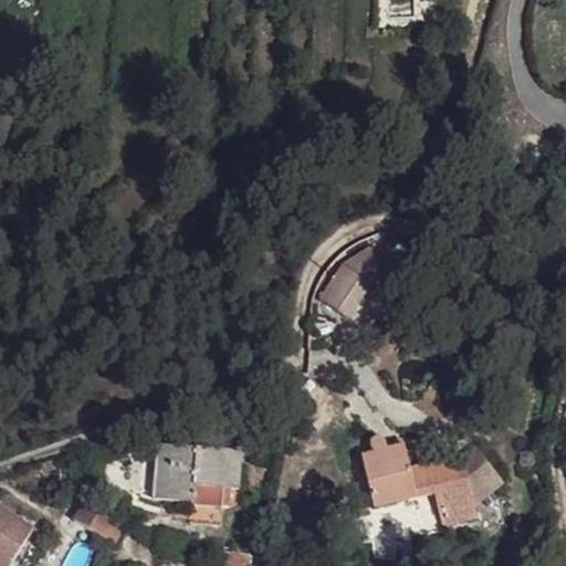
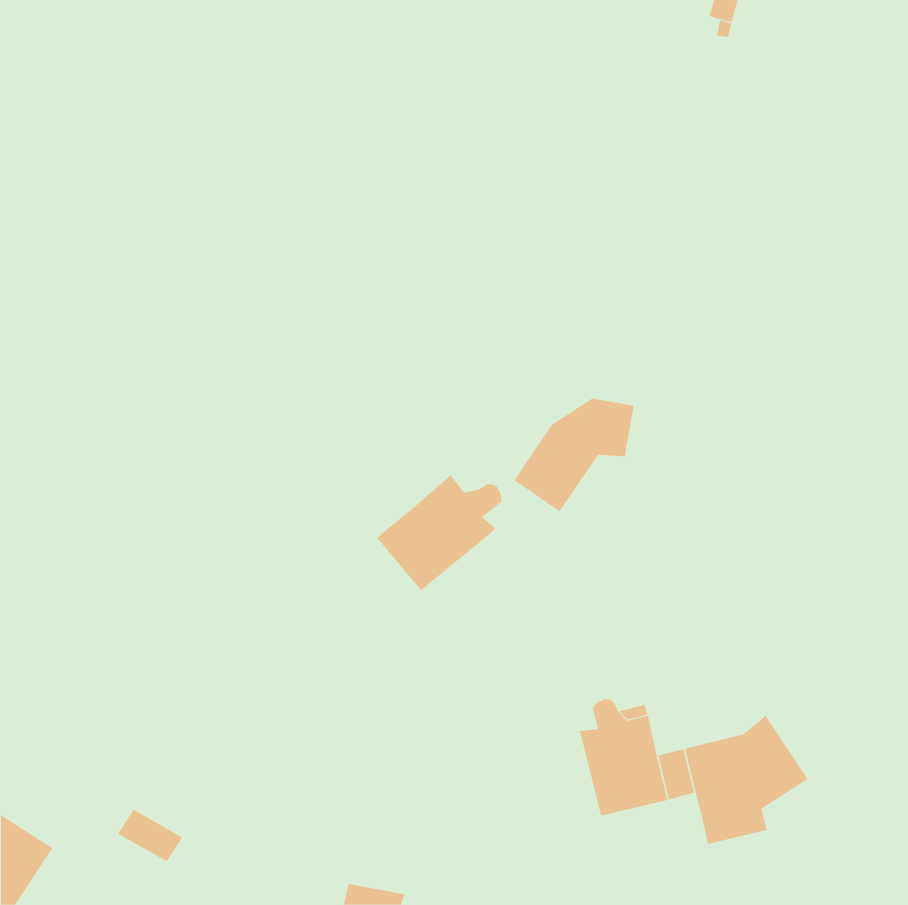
building: none -> [376,475,502,591]
building: [153,443,241,523] -> none

